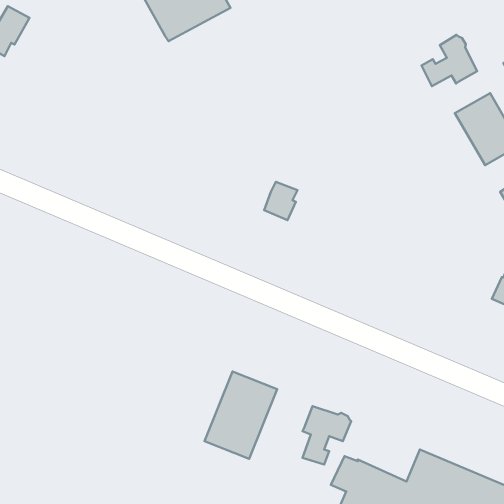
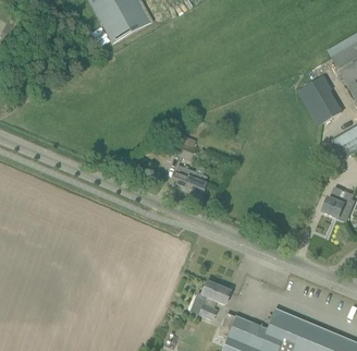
building: [422,35,477,86] -> none
building: none -> [170,165,206,196]
building: [204,372,277,459] -> none

